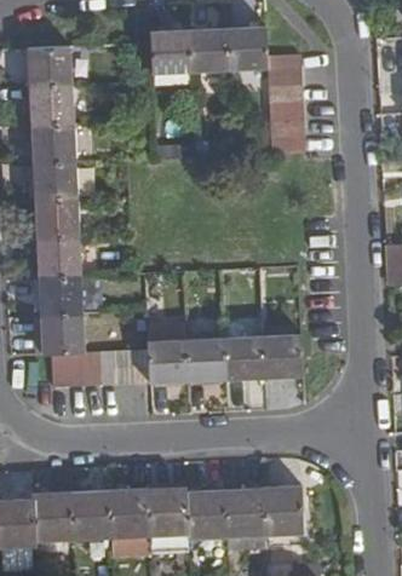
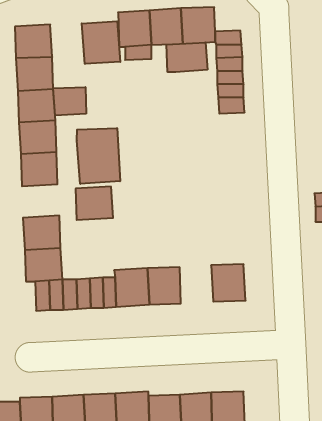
building: none -> [82,21,120,64]
building: none -> [167,42,207,72]
building: none -> [53,87,86,115]
building: none -> [77,128,120,184]
building: [35,237,80,277] -> [76,187,113,220]
building: [224,334,264,380] -> none

